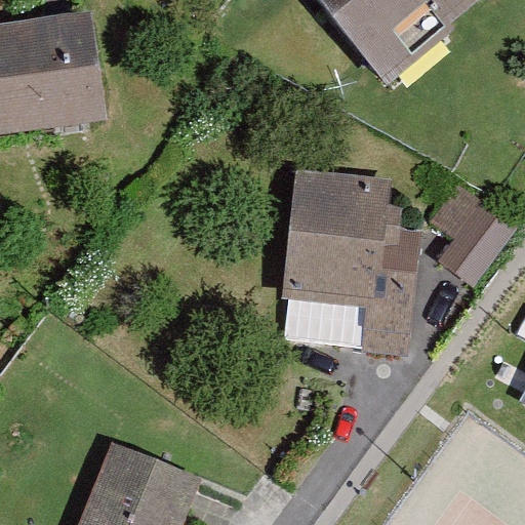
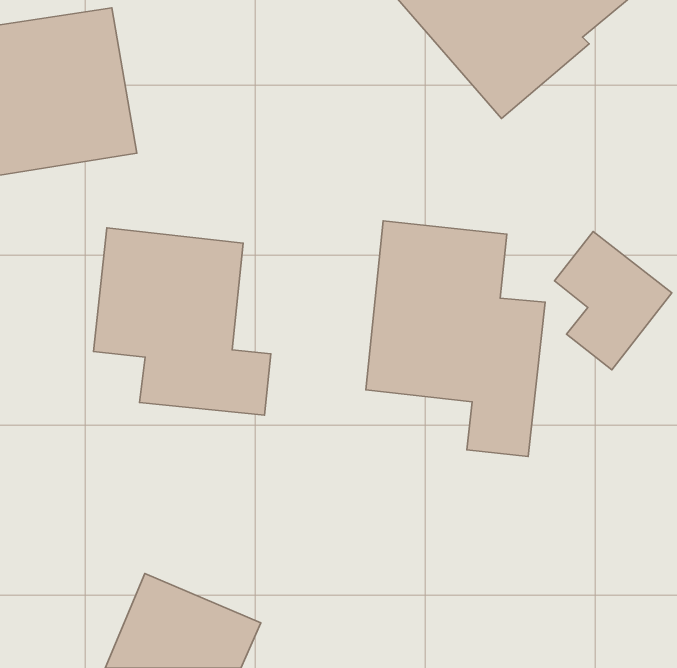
building: none -> [94,228,271,415]

